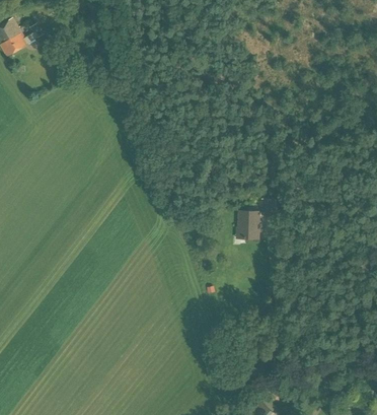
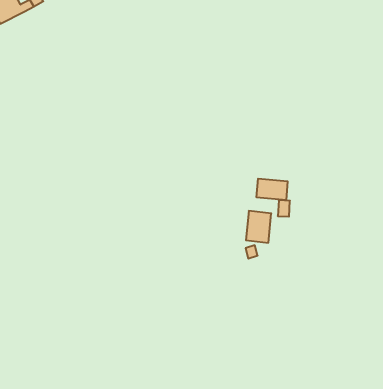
building: none -> [257,179,288,200]

